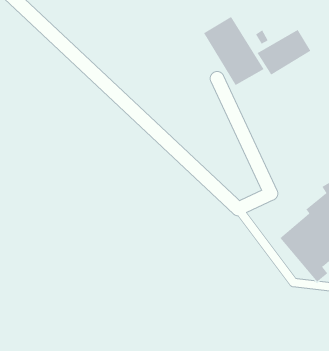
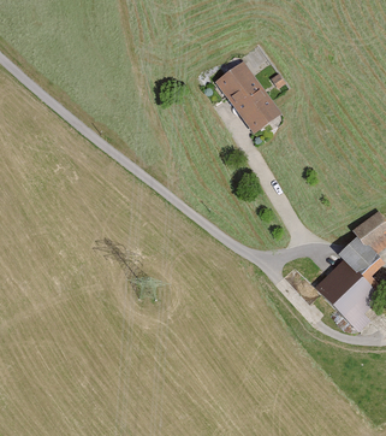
building: [257,29,311,75] -> none

